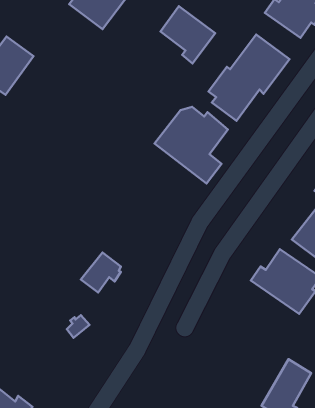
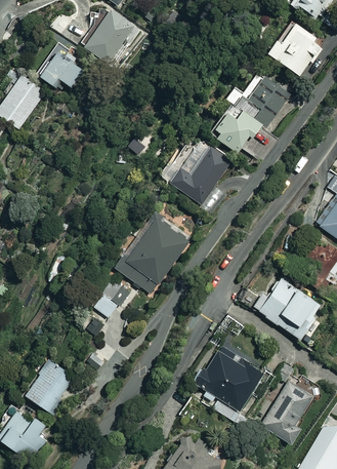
building: [161,6,215,63] -> none
building: none -> [39,48,85,89]
building: none -> [116,214,191,294]
building: none -> [195,346,261,408]
building: none -> [24,357,77,412]

